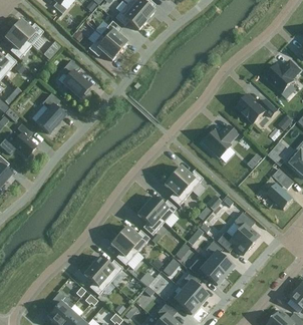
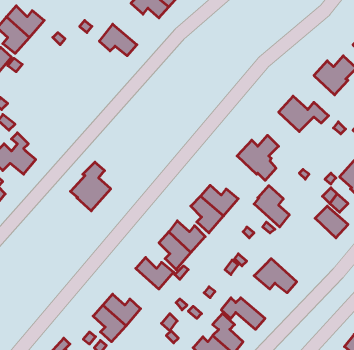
building: [99,20,126,50] -> none
building: [60,59,89,98] -> none
building: [31,92,64,132] -> [70,162,111,211]
building: [230,211,259,245] -> [254,186,289,227]
building: [110,234,137,264] -> none
building: [205,240,233,275] -> none

